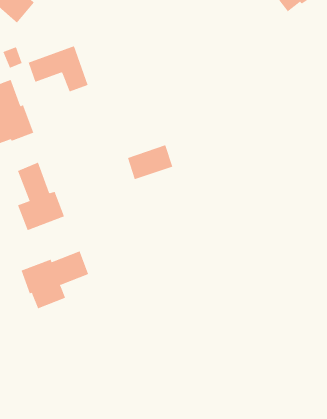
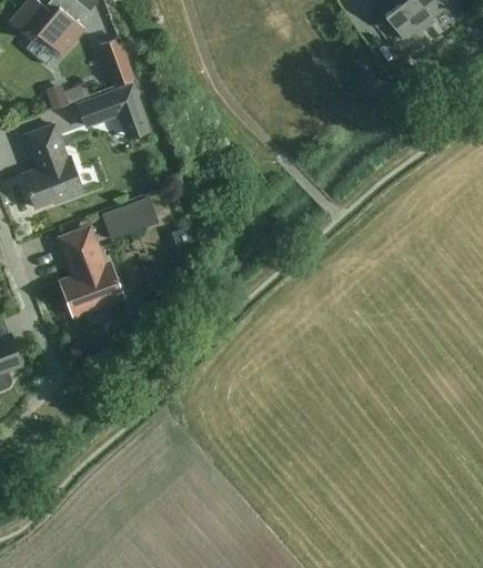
building: none -> [99,38,133,87]
building: [127,145,173,180] -> [99,194,157,239]
building: [21,251,89,309] -> none

